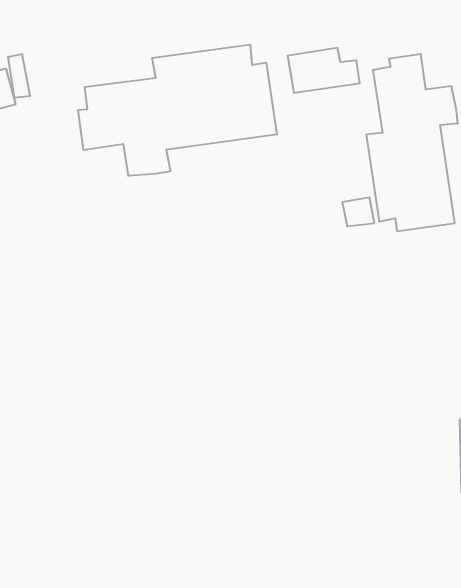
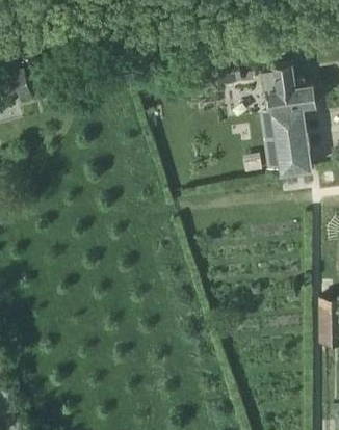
building: [78,45,277,176] -> none

